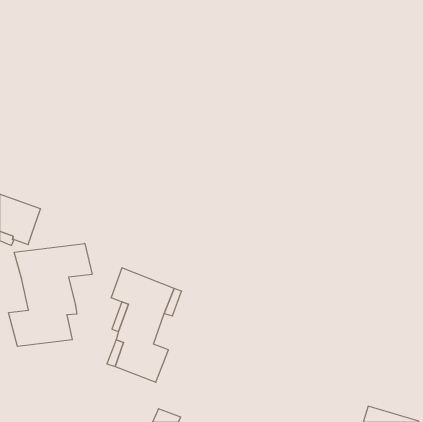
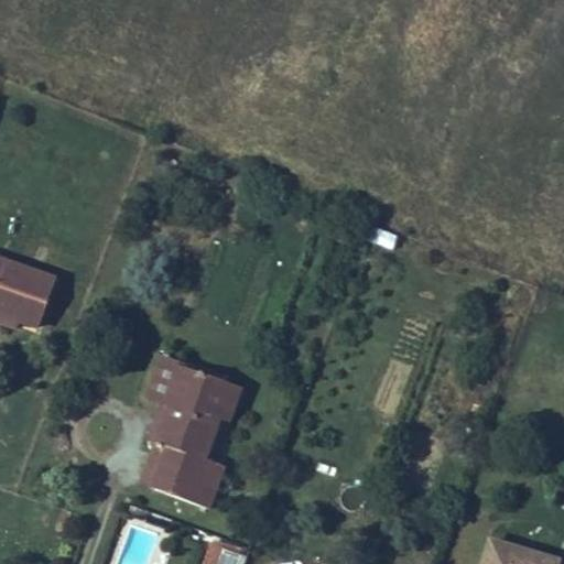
building: [9,243,92,346] -> none

